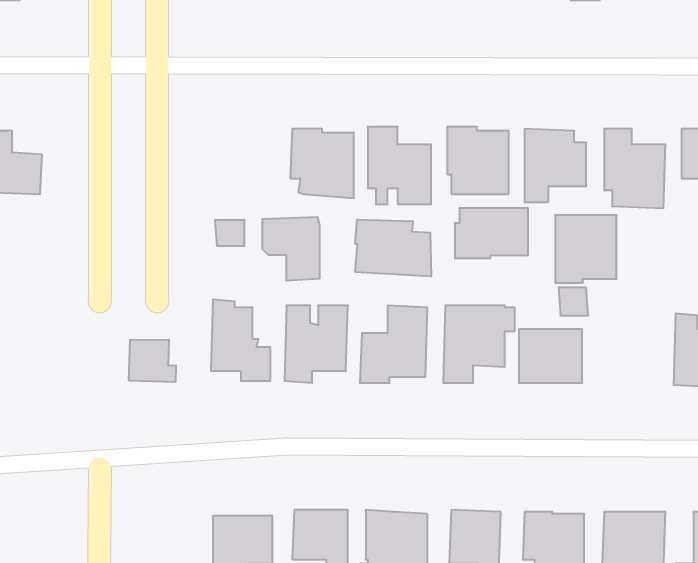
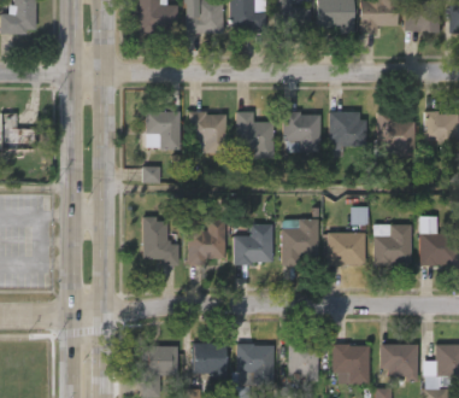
building: [455,208,528,259] -> none
building: [555,215,617,283] -> [376,224,413,265]
building: [262,217,320,281] -> [147,111,182,150]
building: [355,219,431,277] -> none
building: [129,340,176,382] -> none

